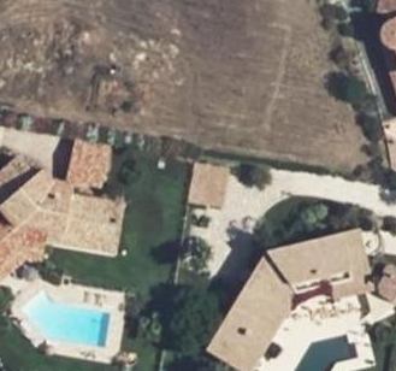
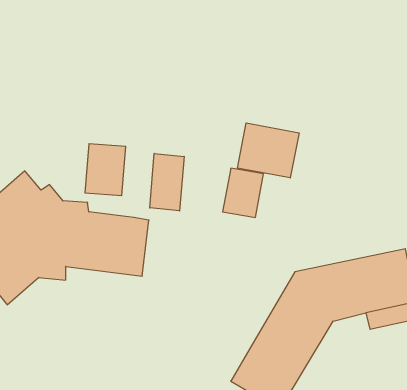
building: none -> [237,123,299,178]
building: none -> [150,153,184,211]

